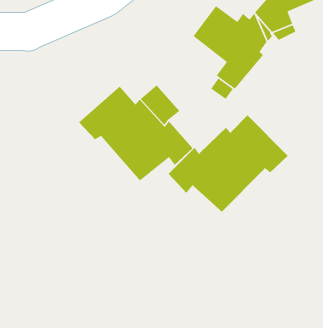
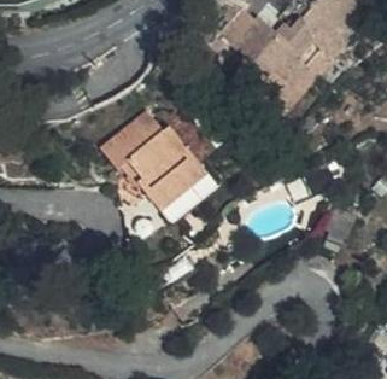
building: [168,115,289,213] -> none

